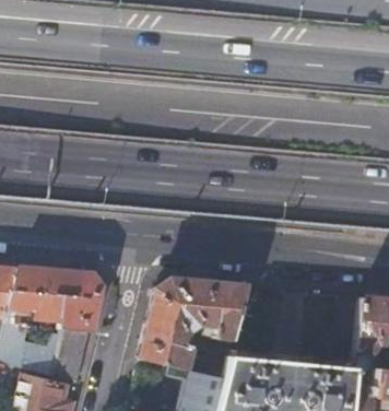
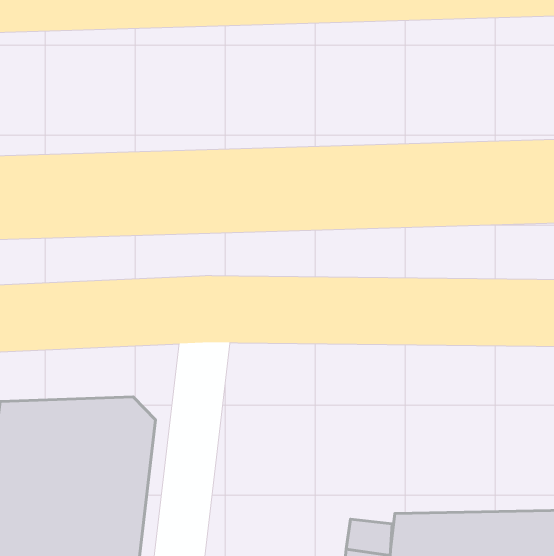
building: [142,279,248,368] -> none

